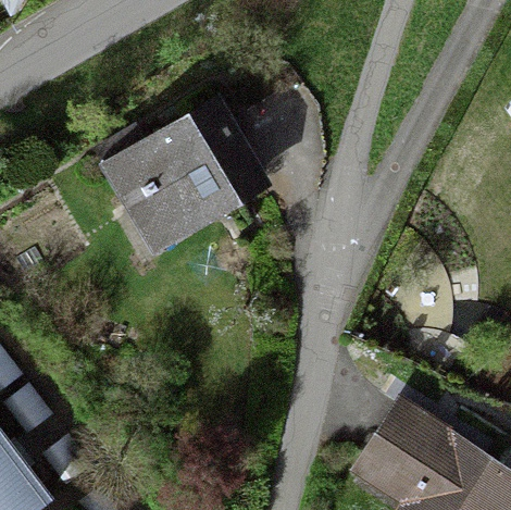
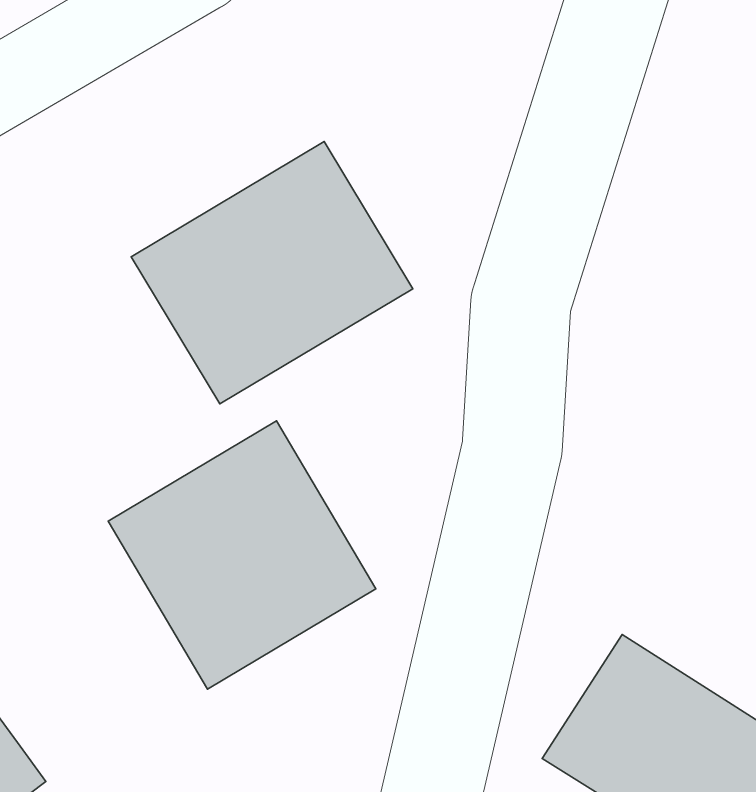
building: none -> [108,421,376,689]

